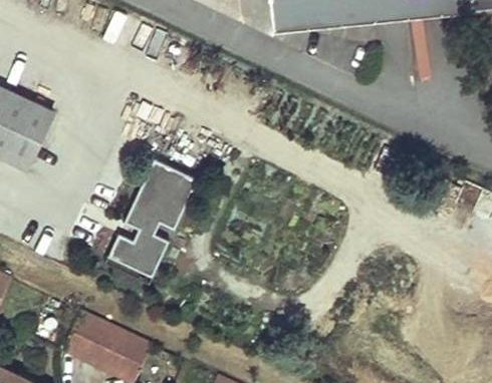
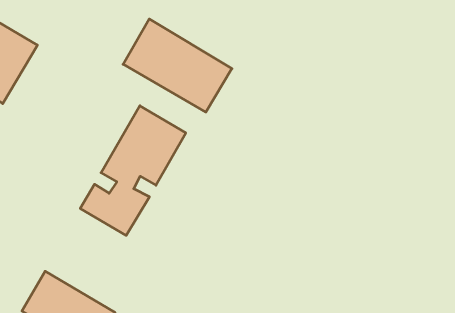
building: none -> [123,19,232,112]

